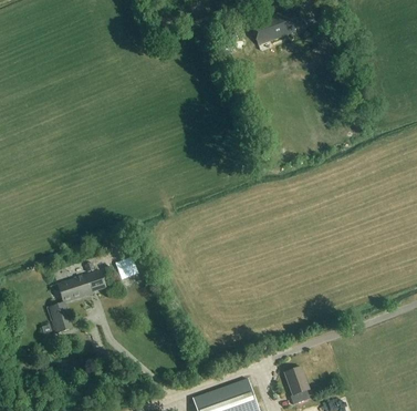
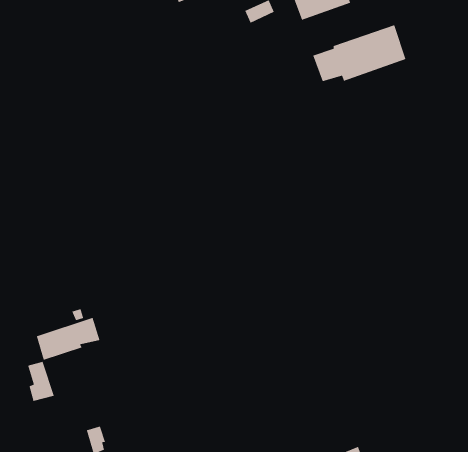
building: none -> [312,24,407,82]

